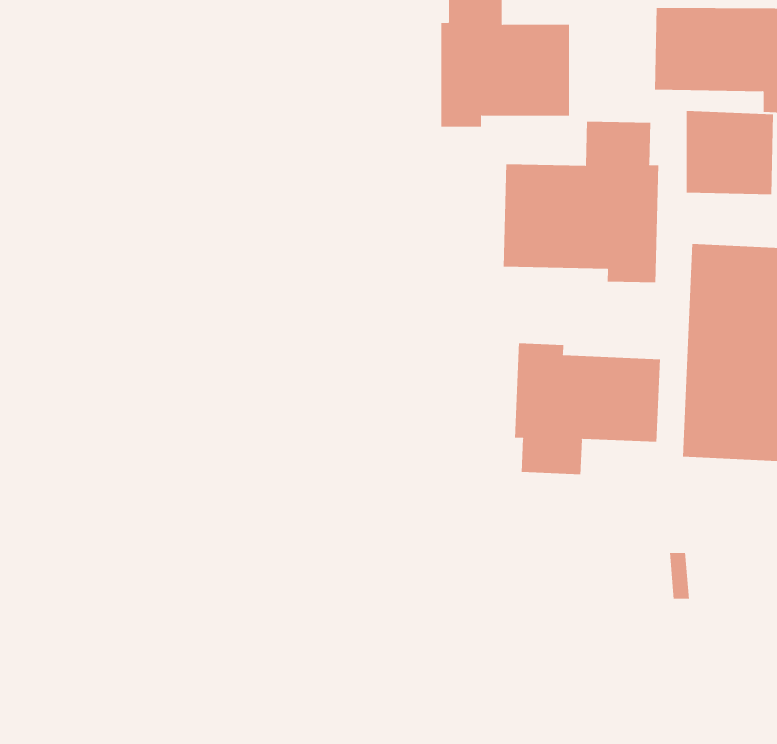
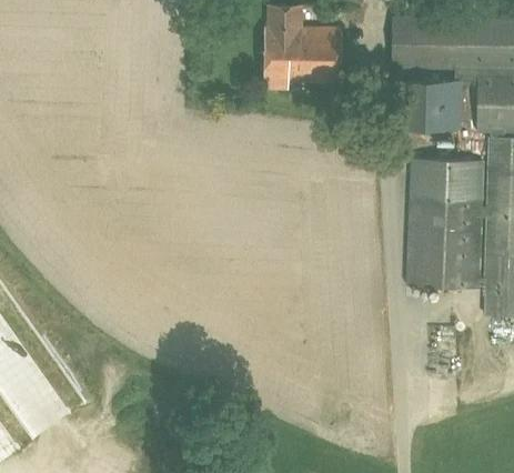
building: [503,121,659,283] -> none
building: [514,342,660,475] -> none

